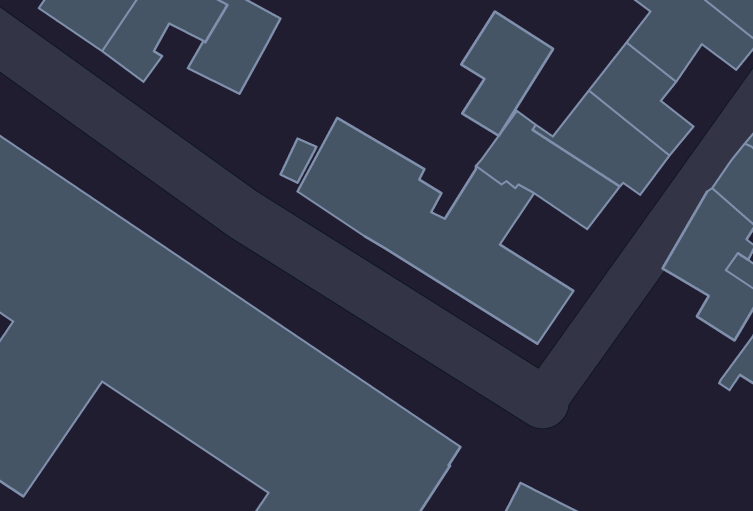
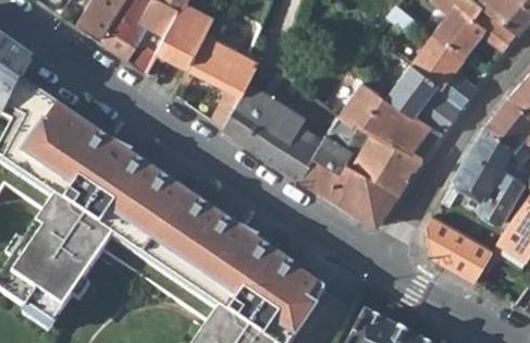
building: [461,11,553,136] -> none
building: none -> [188,34,237,83]
building: none -> [354,128,422,191]
building: none -> [429,215,494,280]

